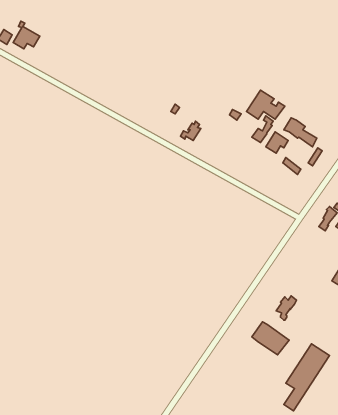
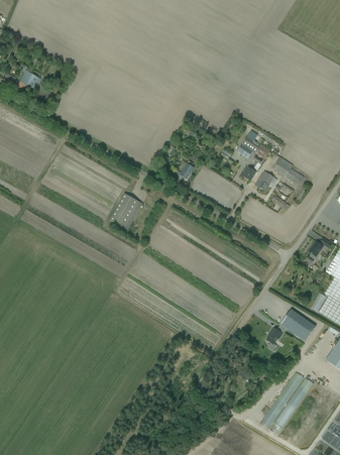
building: none -> [109,194,141,230]
building: [252,322,289,355] -> [279,310,315,341]

